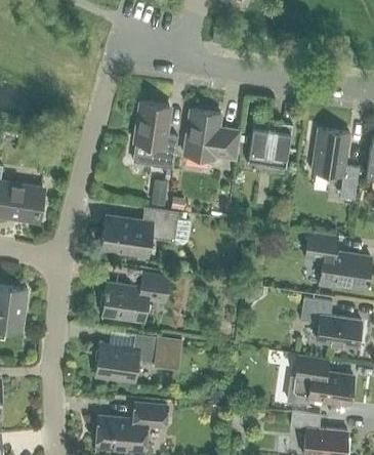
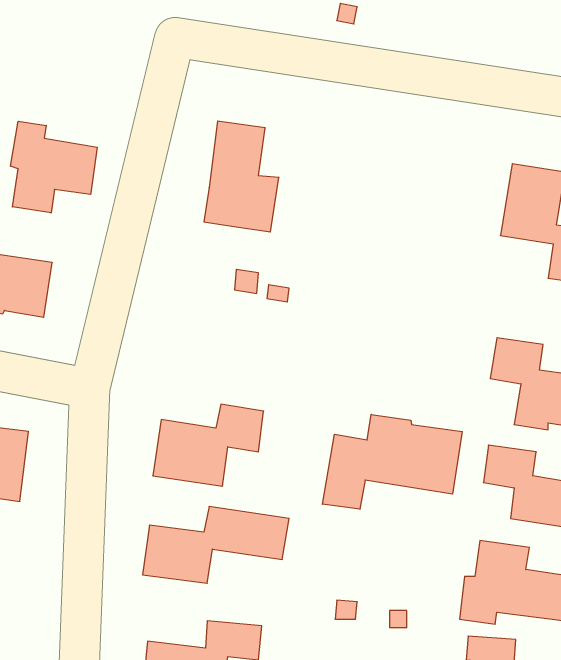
building: none -> [11,121,97,213]
building: [183,110,239,159] -> none
building: [247,123,292,168] -> none
building: [101,207,190,256] -> none
building: none -> [322,414,462,509]

